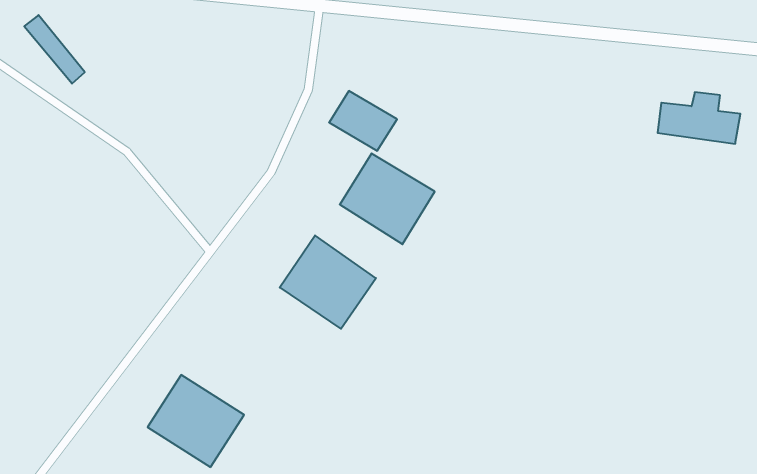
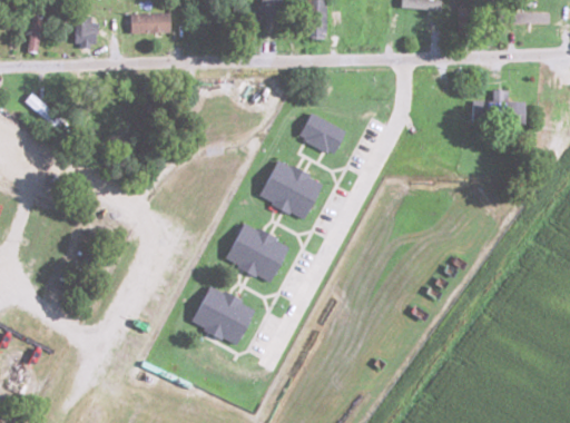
building: [329,91,397,151] -> [298,115,345,154]
building: [148,375,244,467] -> [190,285,256,346]

